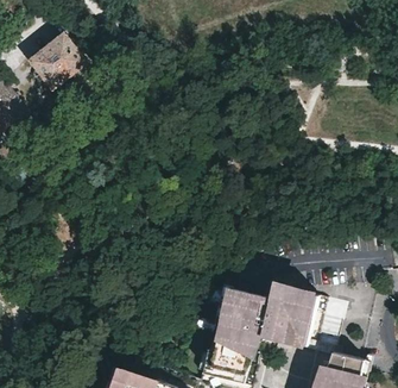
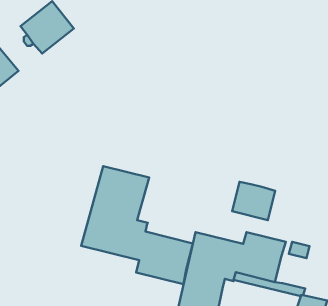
building: none -> [81,166,193,284]
building: none -> [232,182,275,220]

